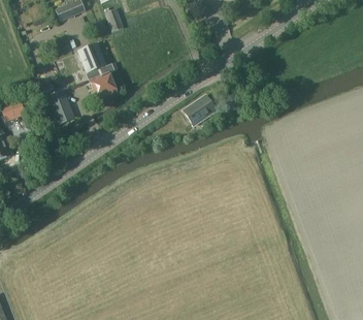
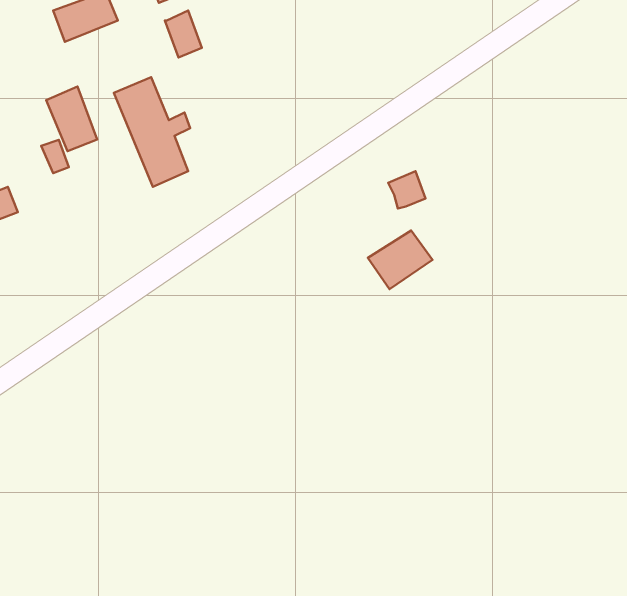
building: [46,88,73,122] -> [46,86,97,151]
building: [183,94,217,125] -> [368,230,433,289]

